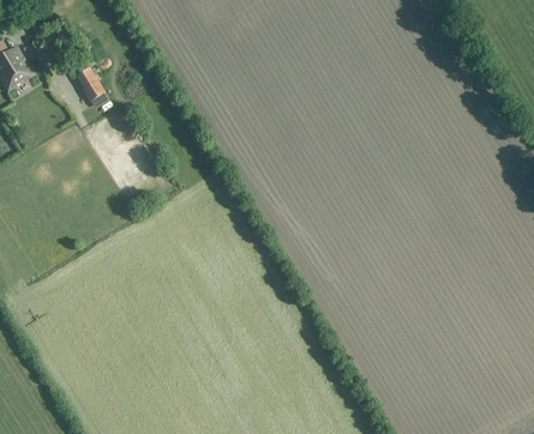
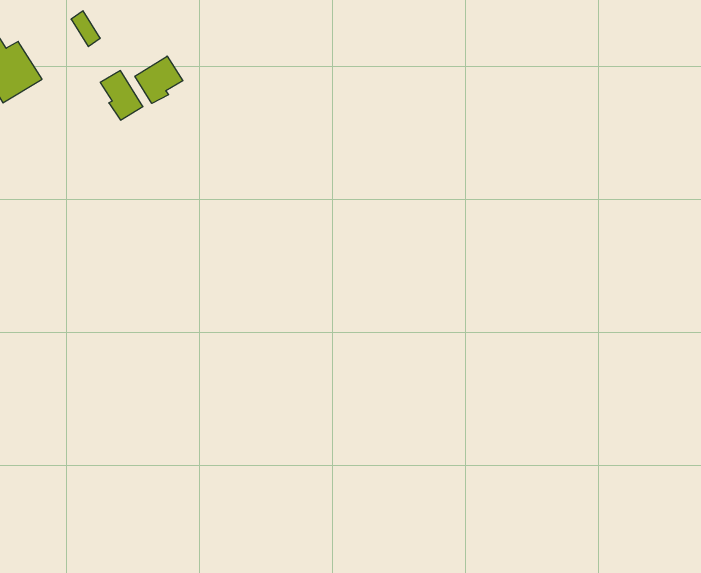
building: none -> [135,56,183,103]

